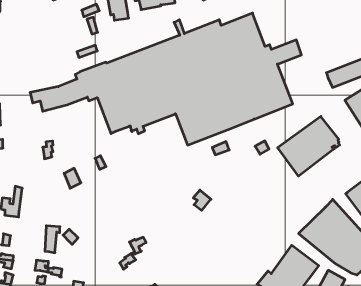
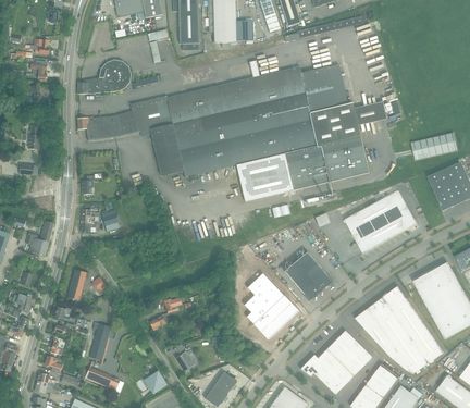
building: none -> [78,59,132,94]
building: none -> [285,251,333,300]
building: none -> [244,273,298,338]

